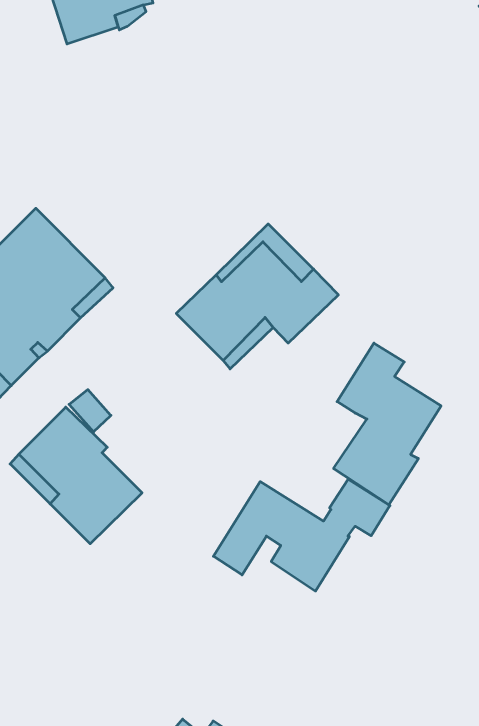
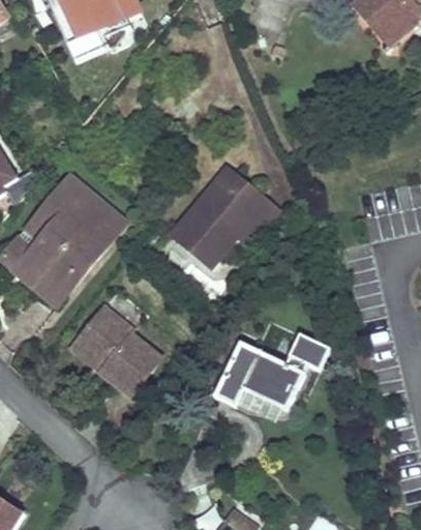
building: [334,343,441,505] -> none
building: none -> [235,377,285,417]

